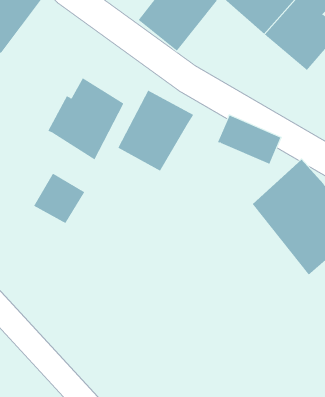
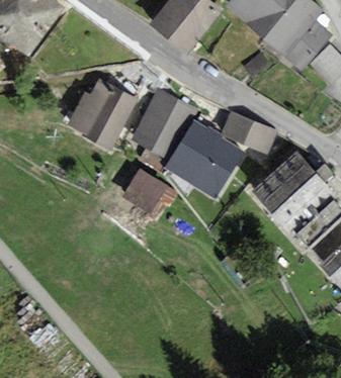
building: none -> [165,118,244,199]
building: [33,173,85,224] -> [120,168,167,213]

